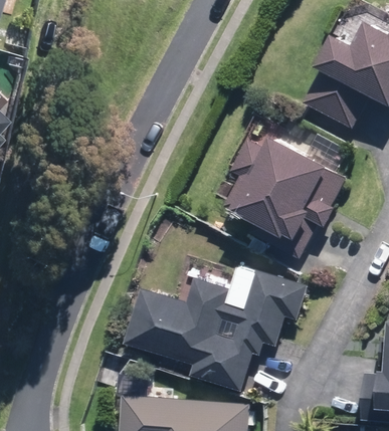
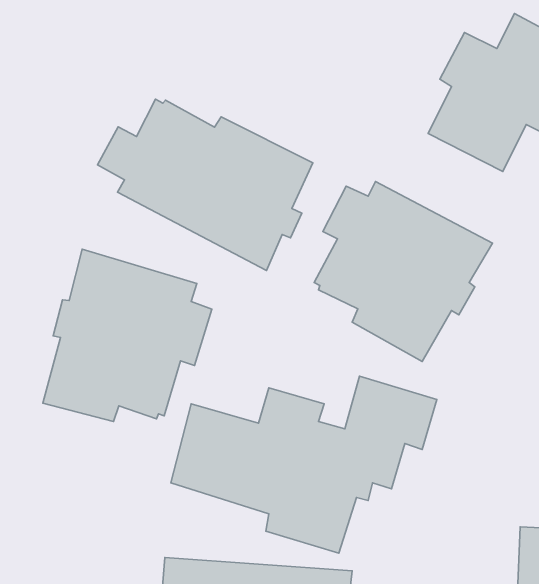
building: none -> [98,99,313,270]
building: none -> [43,249,212,421]

